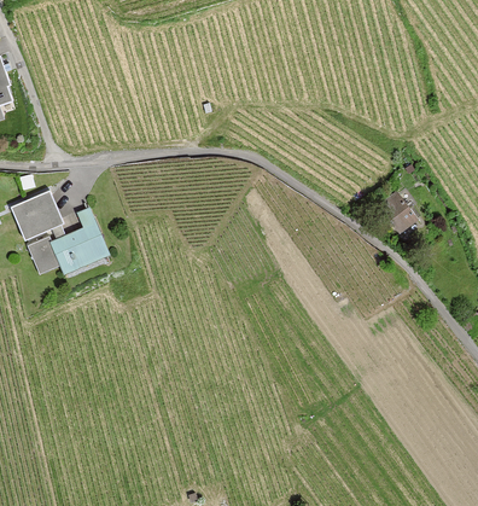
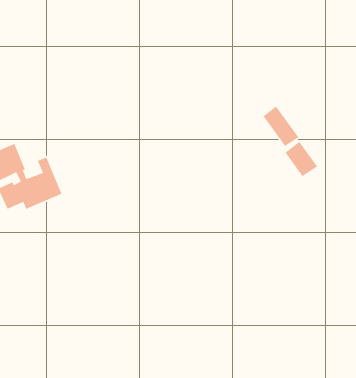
building: none -> [262,105,300,147]

